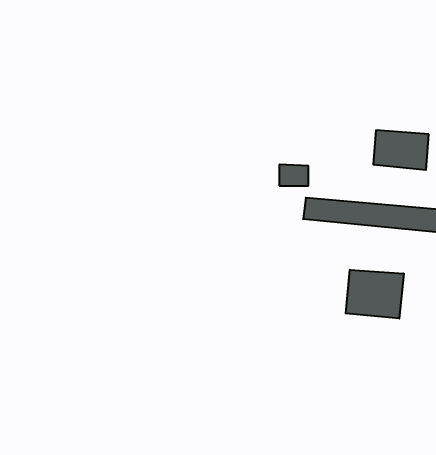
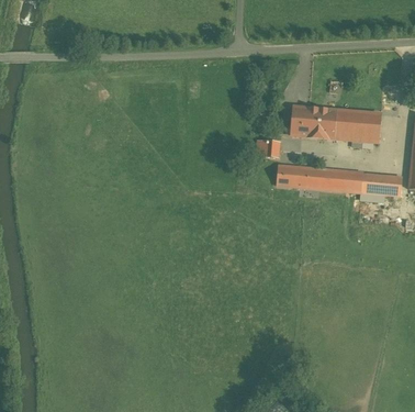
building: none -> [291,107,337,138]
building: [346,270,404,319] -> none

